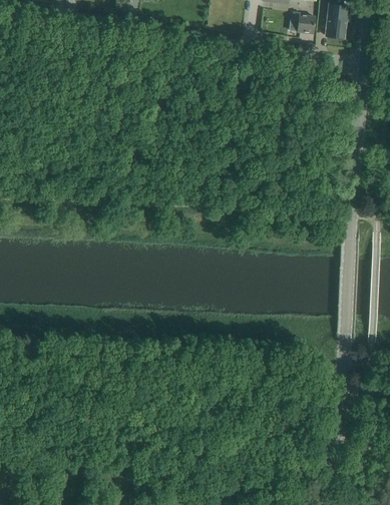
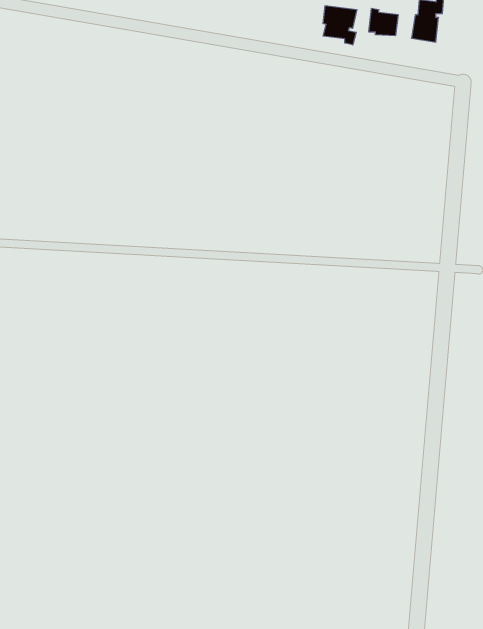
building: none -> [323,6,357,45]

